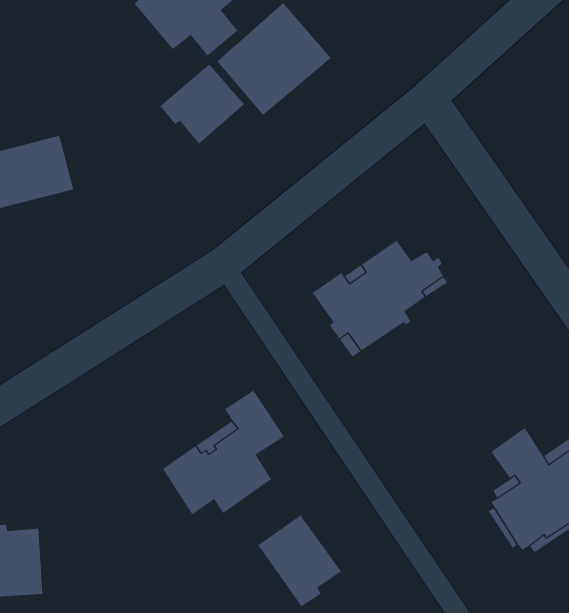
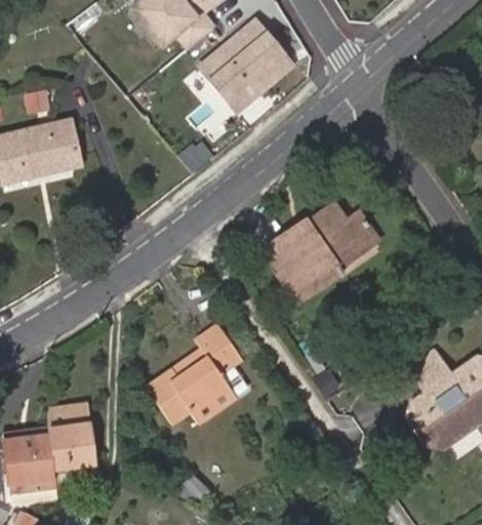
building: [160,63,245,144] -> none
building: none -> [51,405,95,467]
building: [258,514,342,607] -> none

